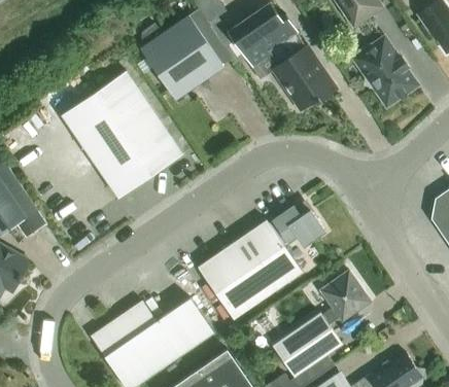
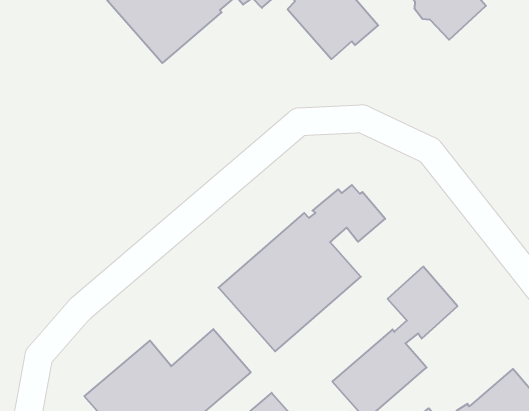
building: [61,72,182,199] -> none

